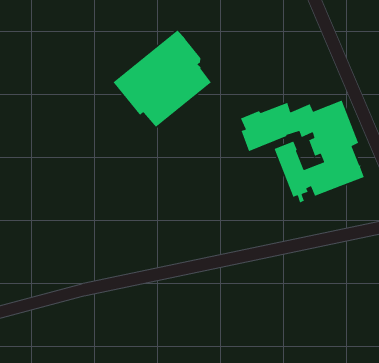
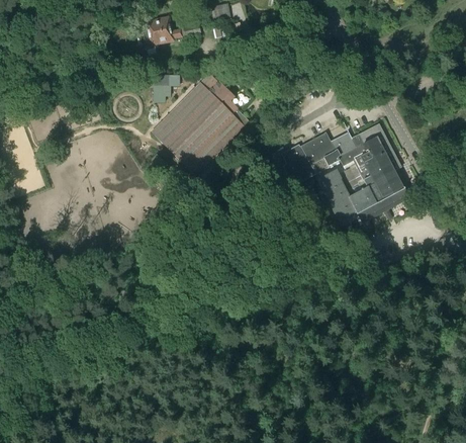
building: none -> [153,75,178,101]

